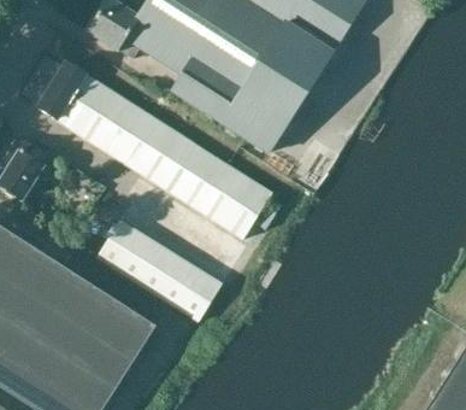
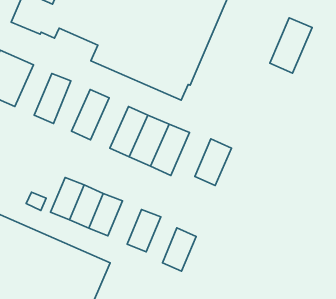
building: none -> [270,18,312,73]
building: [75,84,123,142] -> none
building: [116,110,164,168] -> none
building: [155,136,205,194] -> none
building: none -> [195,139,231,186]
building: [158,257,201,308] -> [162,228,196,271]

